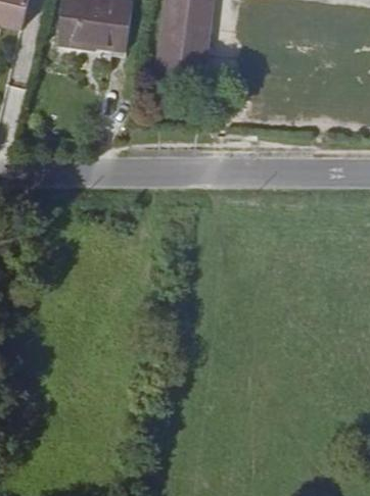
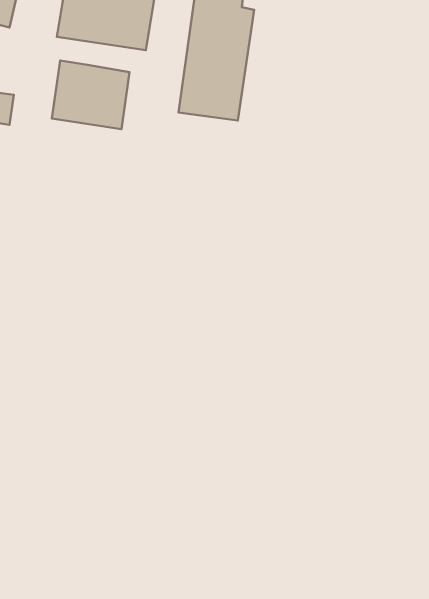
building: none -> [52,61,129,129]

